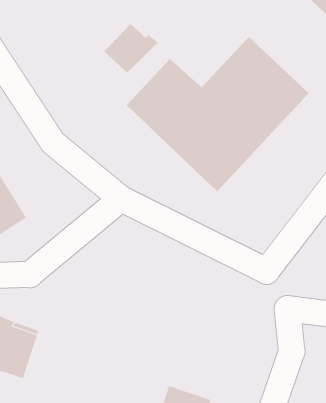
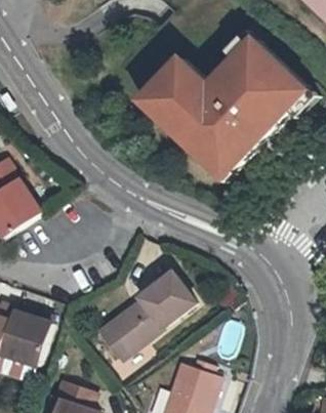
building: [104,23,159,74] -> none
building: none -> [100,274,198,355]

